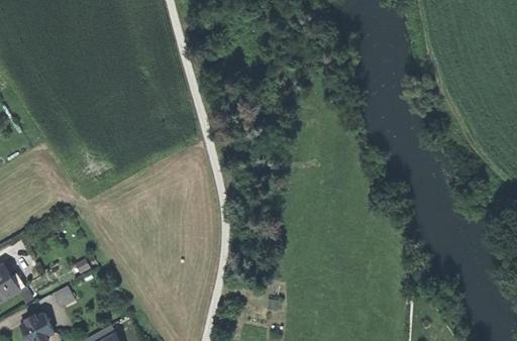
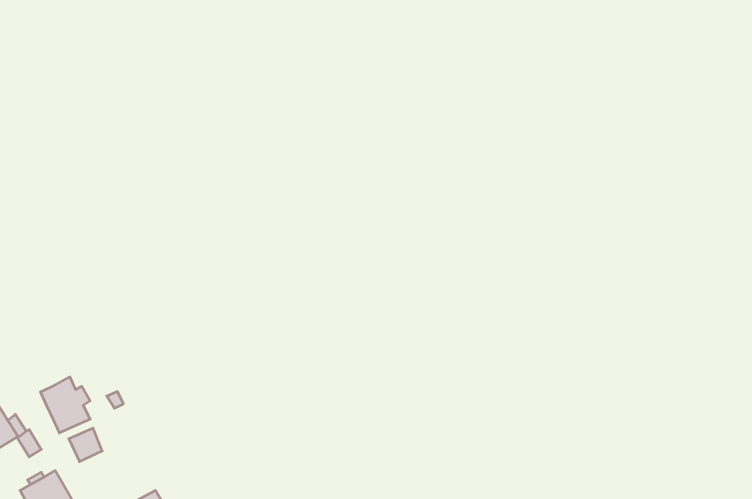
building: none -> [40,377,90,433]

